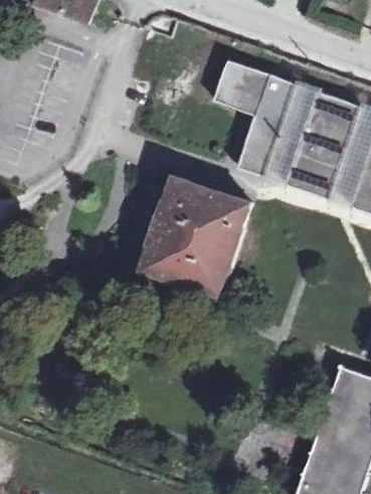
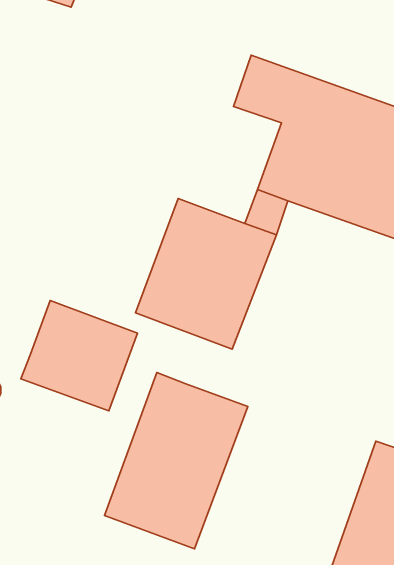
building: none -> [21,301,138,411]
building: none -> [104,372,248,549]

